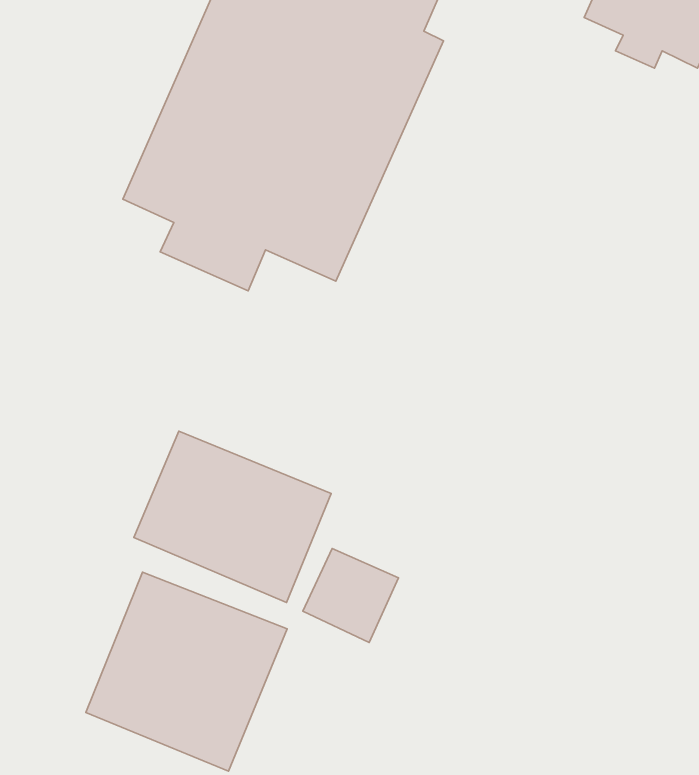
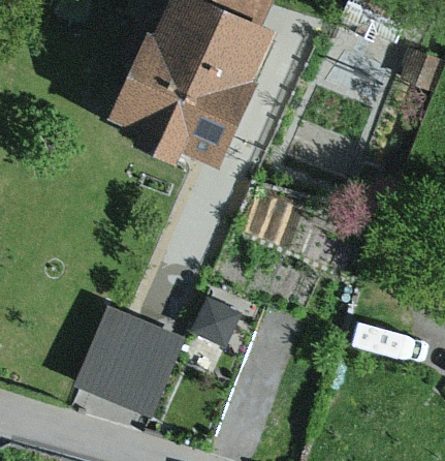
building: [134,431,331,602] -> none

